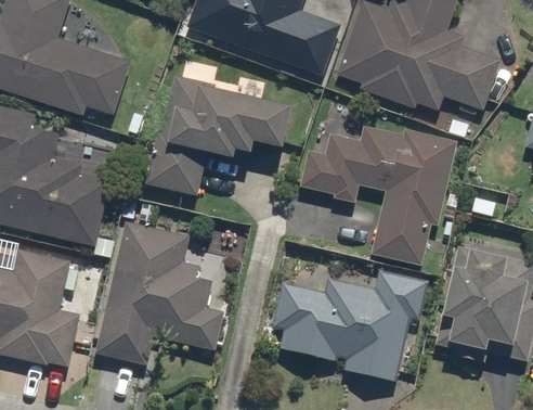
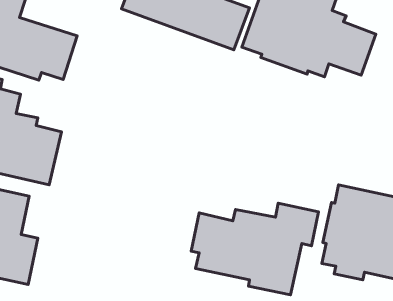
building: [142,74,288,195] -> none
building: [298,124,458,266] -> none
building: [93,219,225,364] -> none

